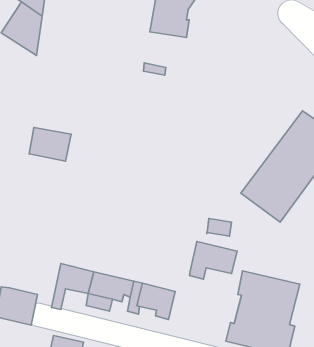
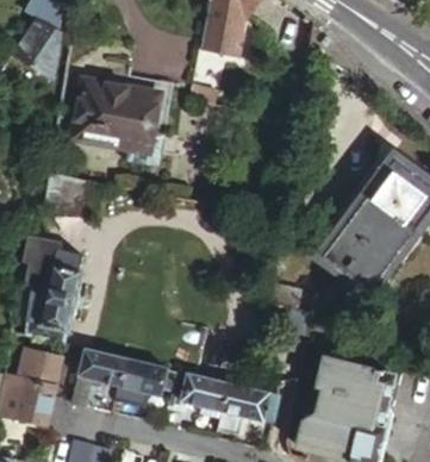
building: none -> [74,81,156,150]
building: none -> [26,246,82,342]
building: [189,242,237,279] -> [219,382,280,430]
building: none -> [18,348,61,386]

